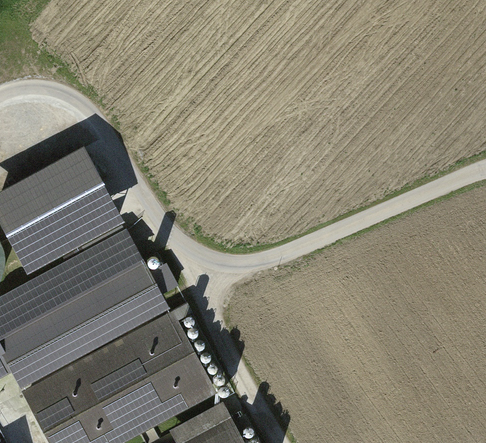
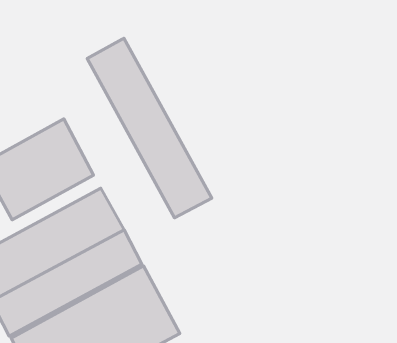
building: none -> [87,38,212,218]

